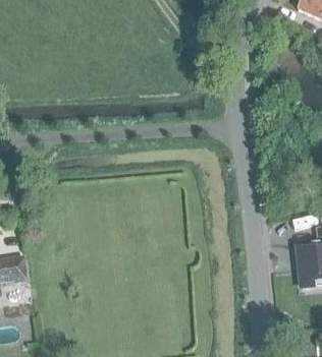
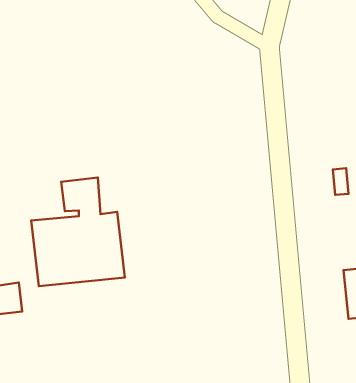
building: none -> [31,178,125,286]

